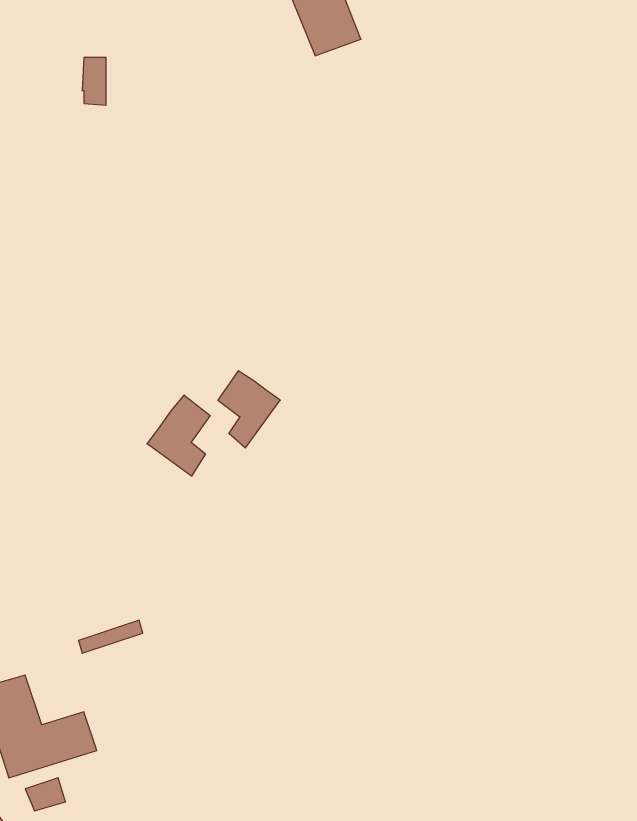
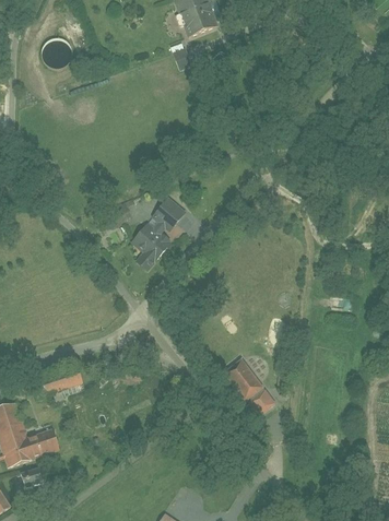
building: none -> [152,196,186,236]
building: [147,395,210,476] -> none
building: none -> [226,364,275,417]

